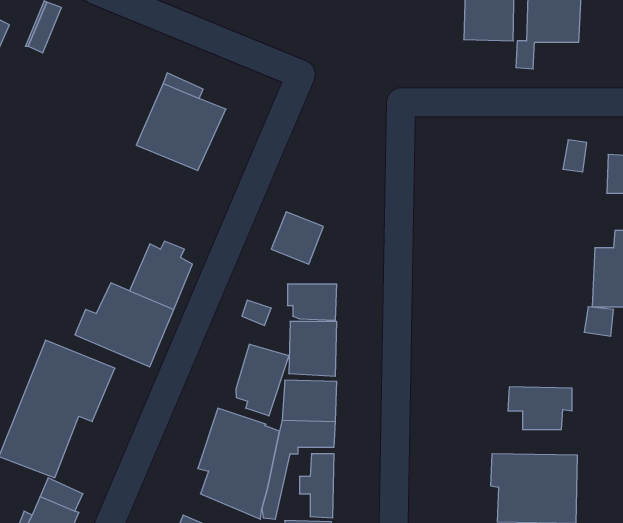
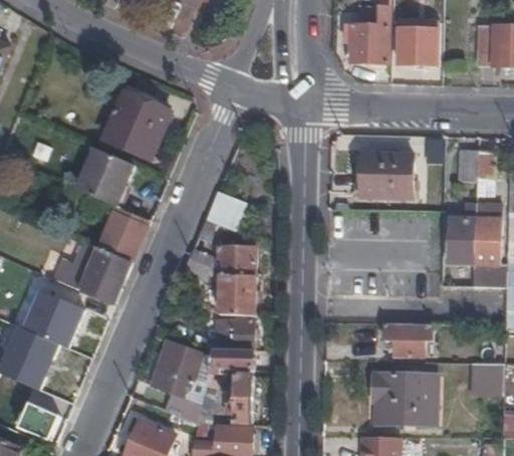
building: none -> [75,150,134,208]
building: none -> [358,154,412,195]
building: [236,344,289,416] -> none

